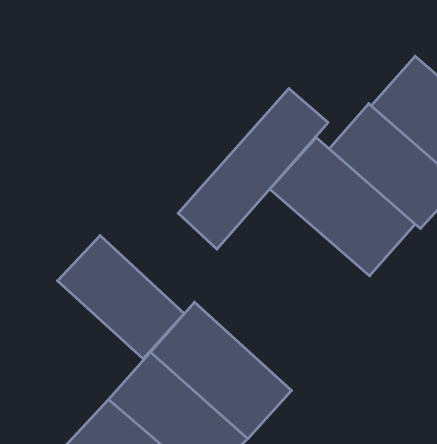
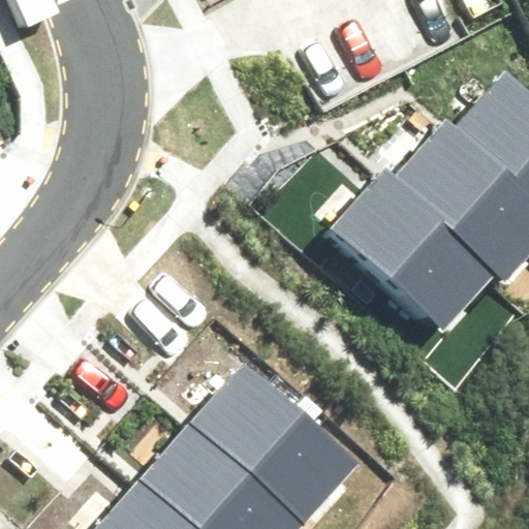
building: [178,88,328,249] -> none
building: [57,235,184,359] -> none

